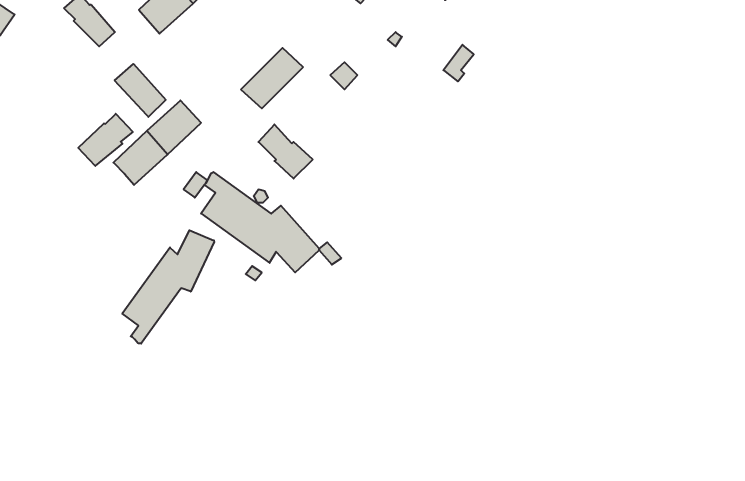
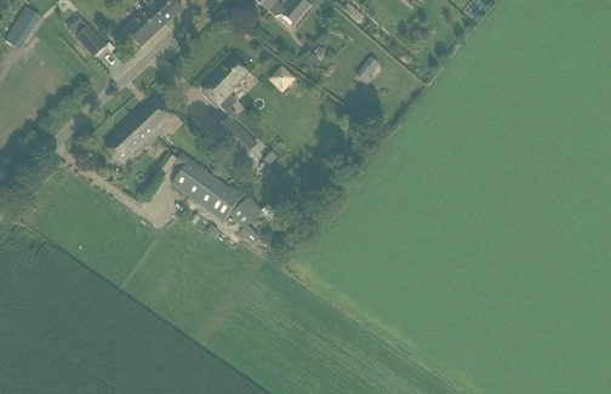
building: [115,64,166,117] -> none
building: [78,114,133,166] -> none
building: [122,230,214,344] -> none

